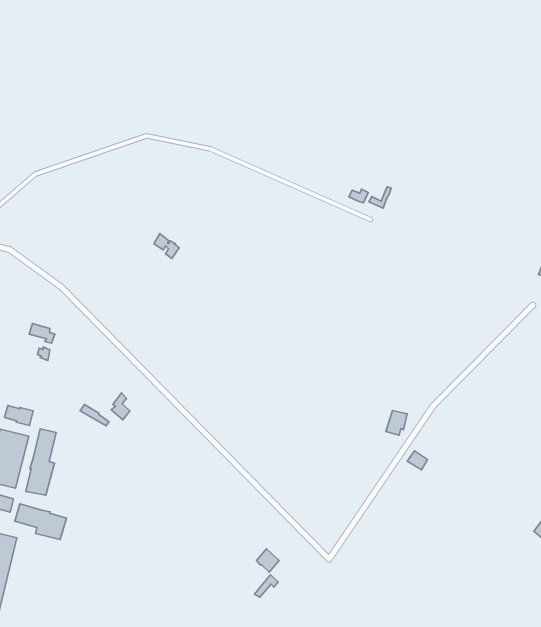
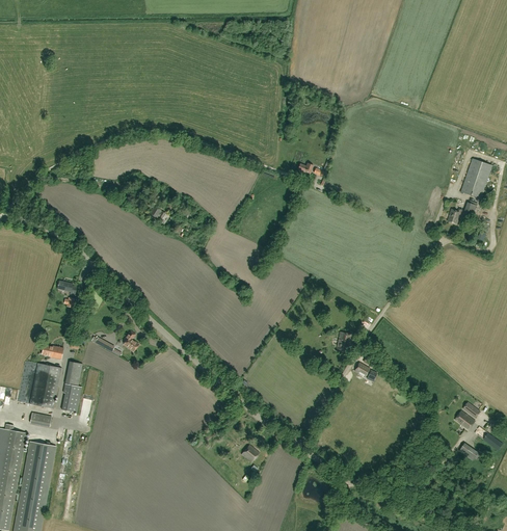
building: [15,504,67,540] -> none

